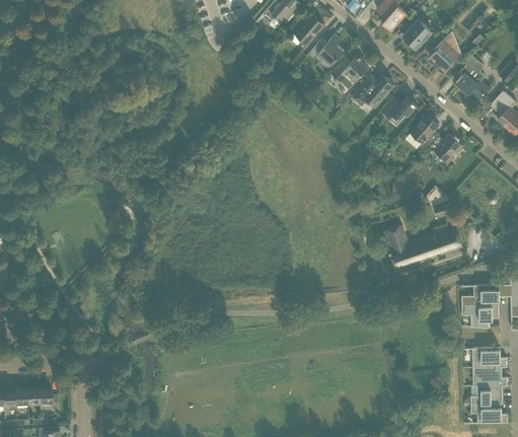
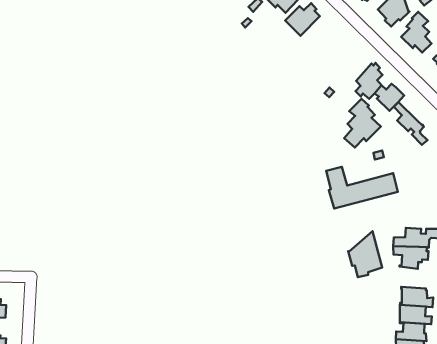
building: [351,75,392,106] -> none
building: [379,95,416,120] -> none
building: none -> [344,99,381,148]
building: none -> [394,102,427,145]
building: none -> [348,231,382,277]

